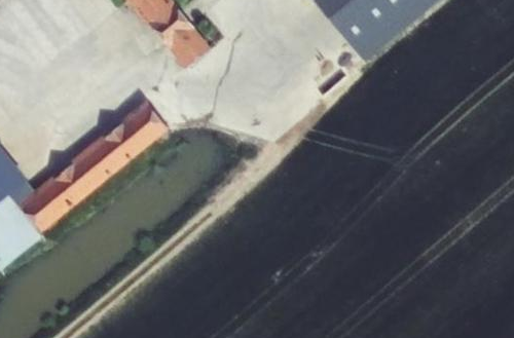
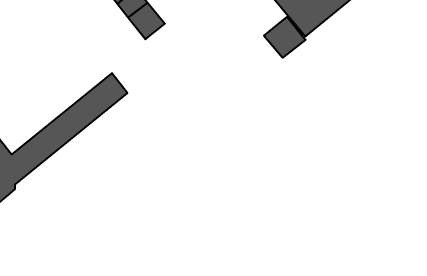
building: none -> [264,17,306,58]

